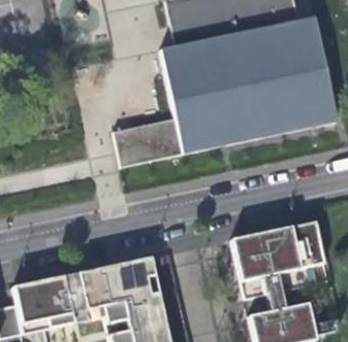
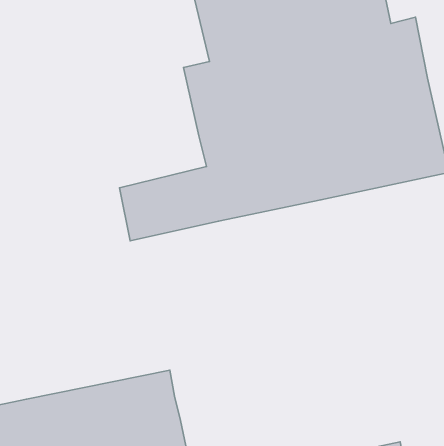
building: [230,220,328,299] -> none

